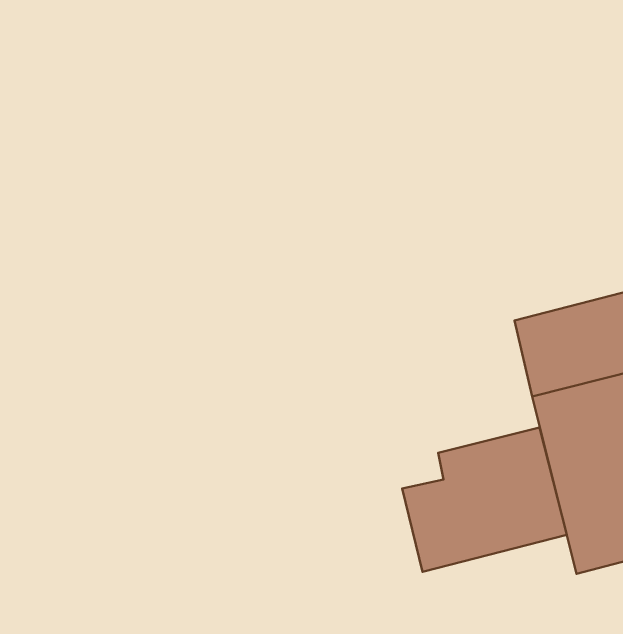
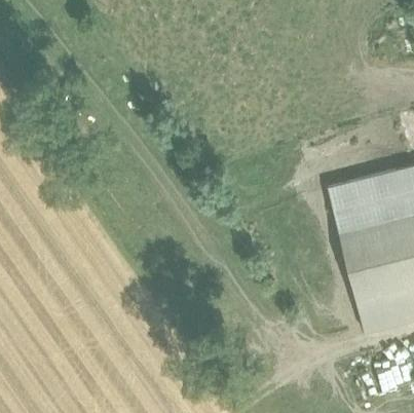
building: [402,427,567,572] -> none

